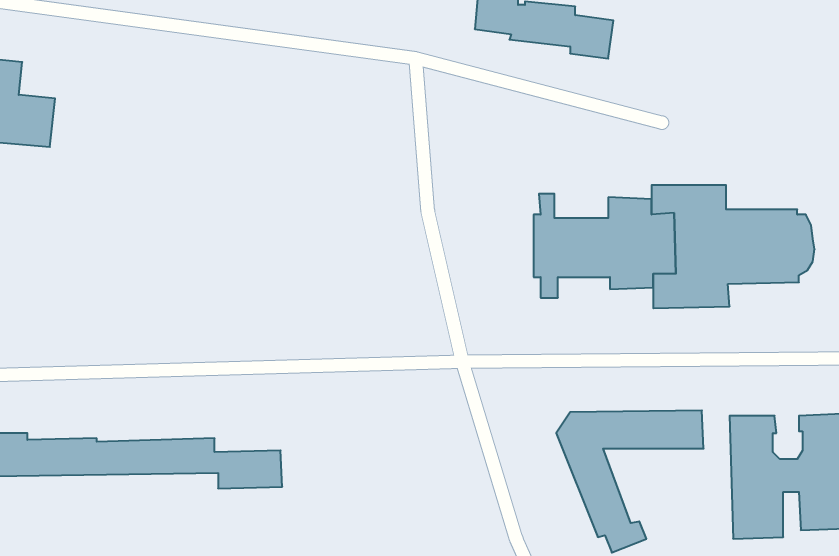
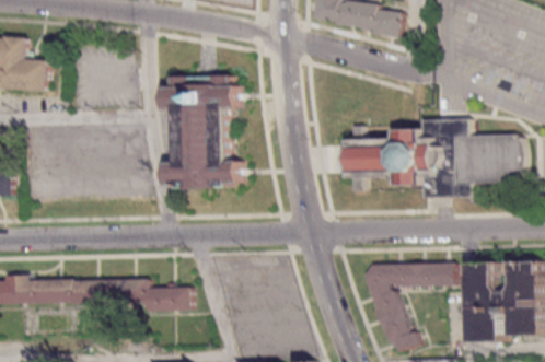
building: none -> [165,78,243,191]

